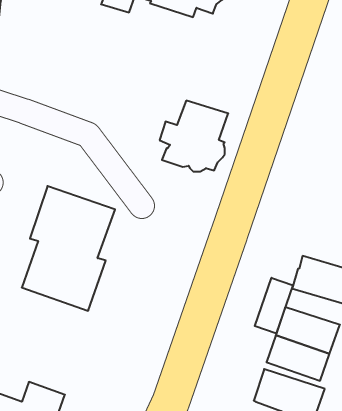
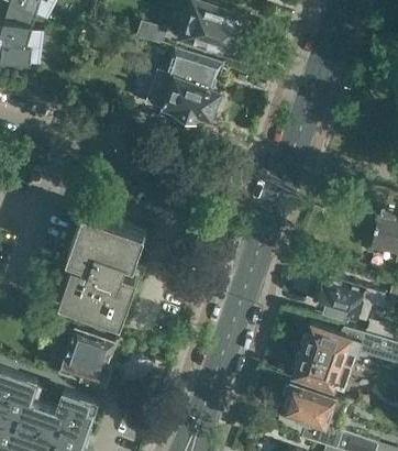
building: [160,101,228,172] -> [157,53,222,120]
building: [255,278,293,333] -> none
building: none -> [44,330,115,389]

